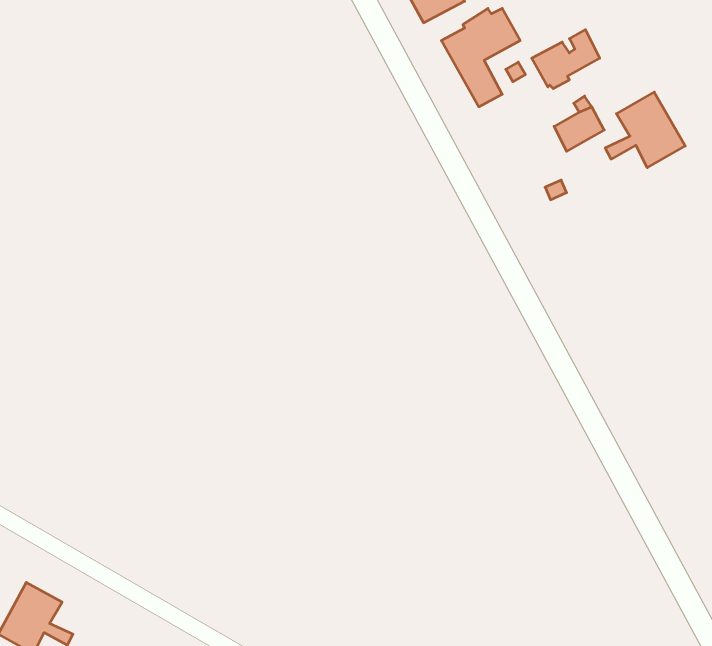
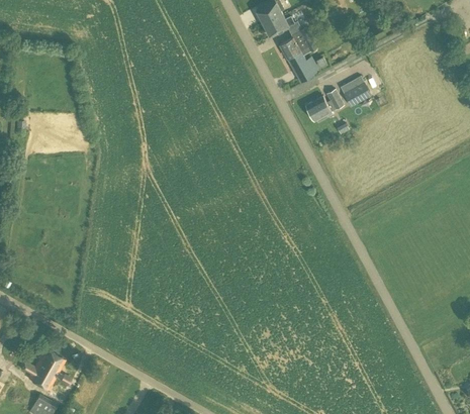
building: [532,30,600,89] -> [305,89,344,122]
building: [605,92,685,168] -> none

